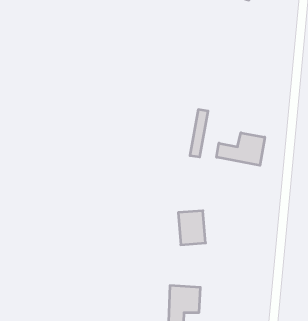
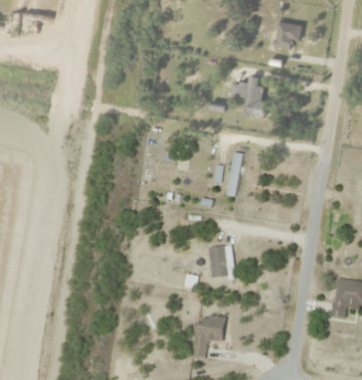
building: none -> [230,75,265,118]
building: [217,133,265,165] -> none

